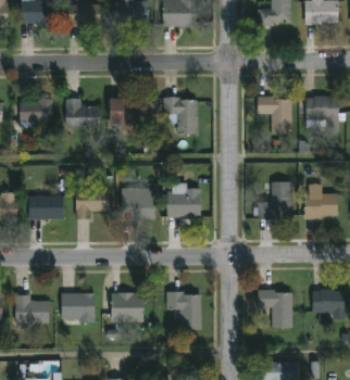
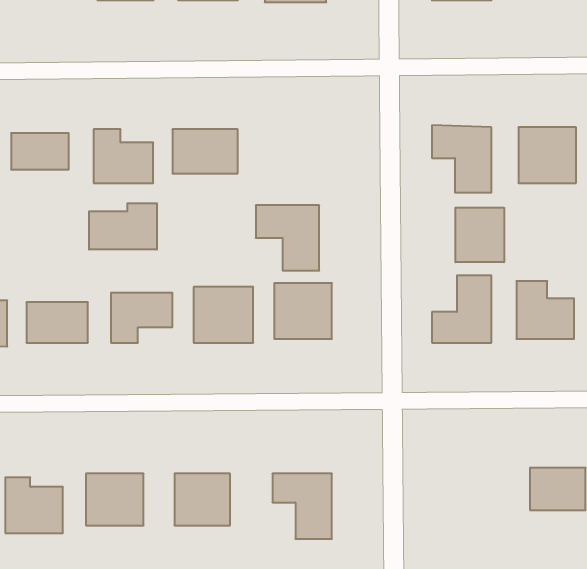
building: [162,98,198,135] -> [256,205,319,271]
building: none -> [89,203,157,250]
building: none -> [455,208,504,262]
building: [258,291,292,328] -> none

